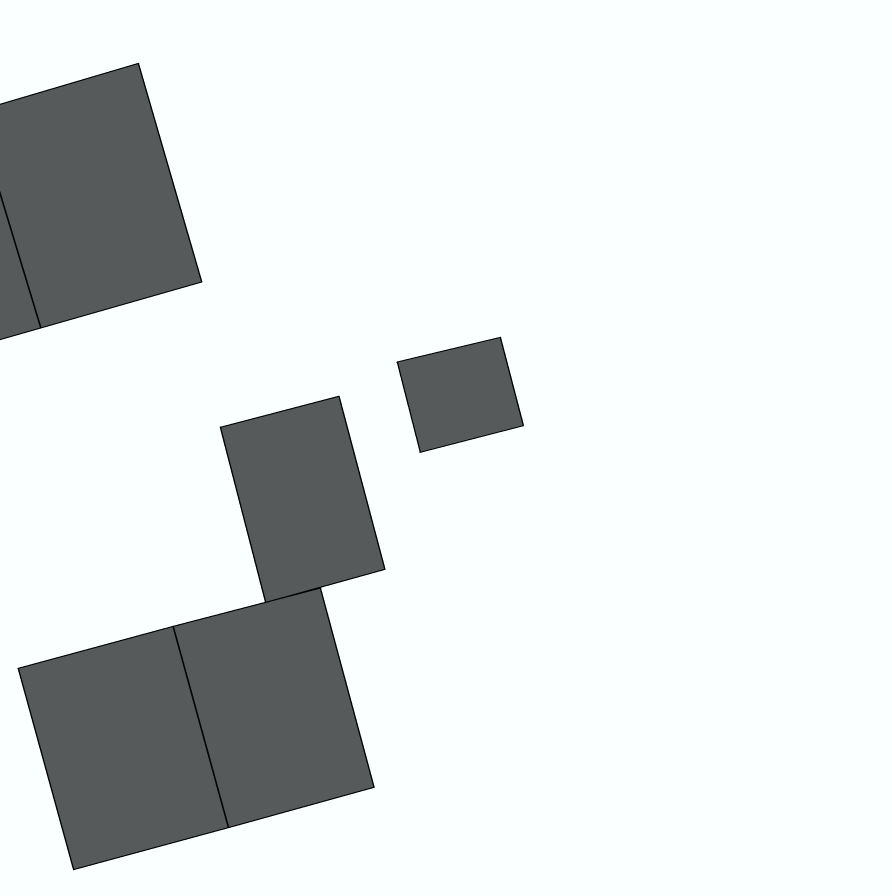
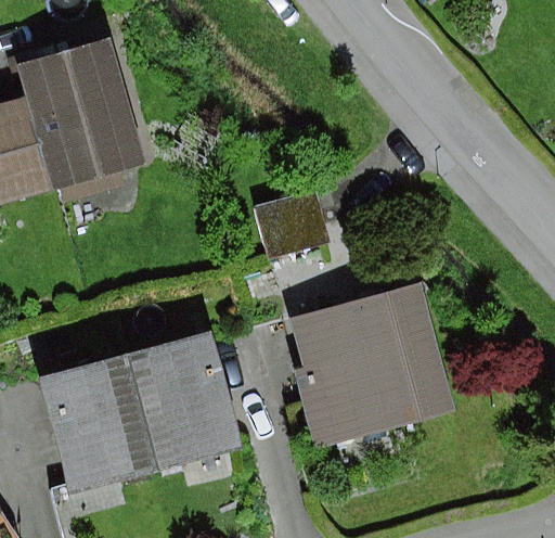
building: [220,396,385,602] -> none
building: none -> [292,284,454,446]

